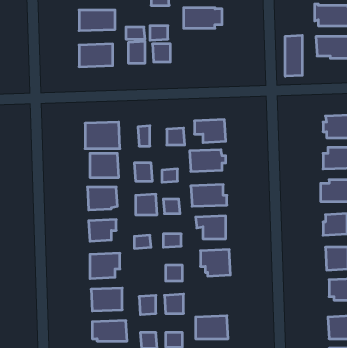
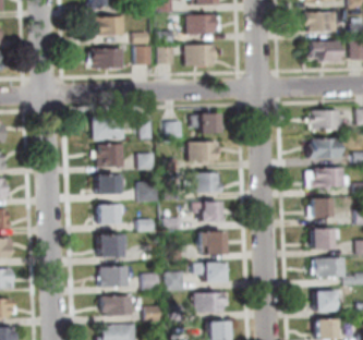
building: [285,35,302,76] -> none
building: none -> [184,44,215,65]
building: none -> [196,265,227,286]

